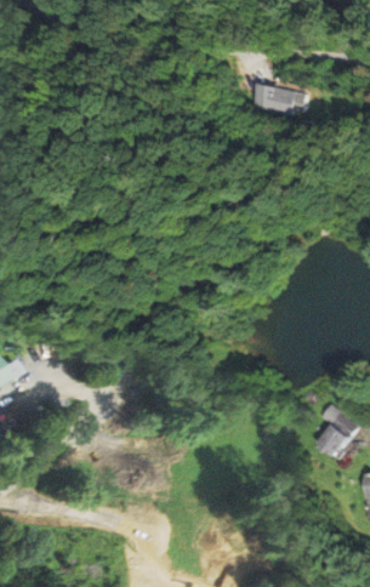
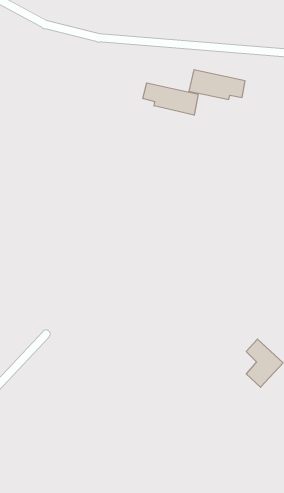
building: none -> [143,83,198,115]

